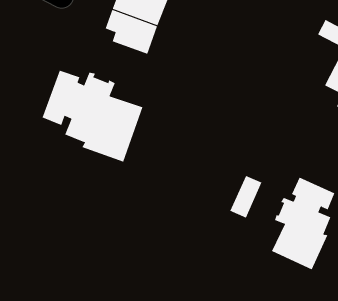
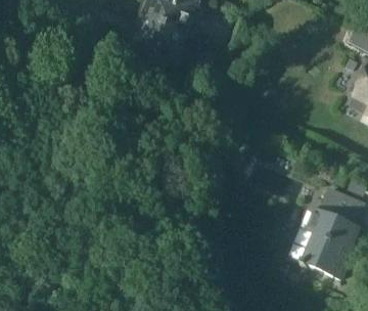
building: [42,70,143,162] -> none
building: [230,175,262,218] -> none

